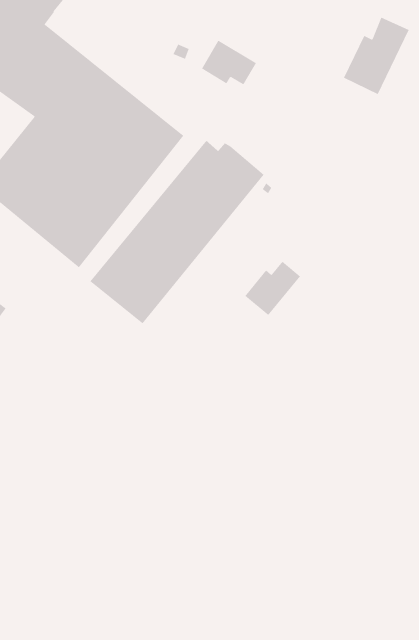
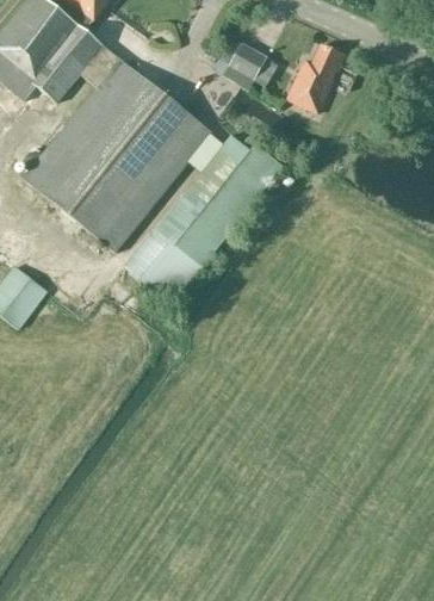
building: [343,17,409,95] -> [285,42,346,113]
building: [245,261,301,316] -> none

